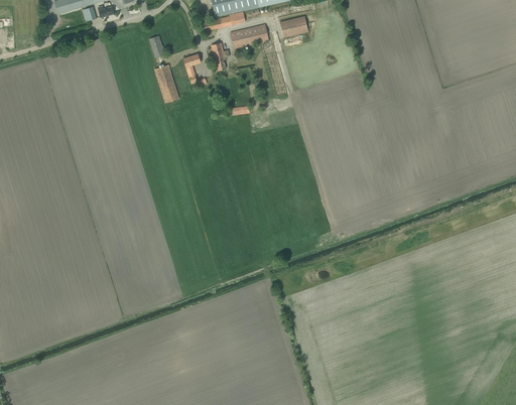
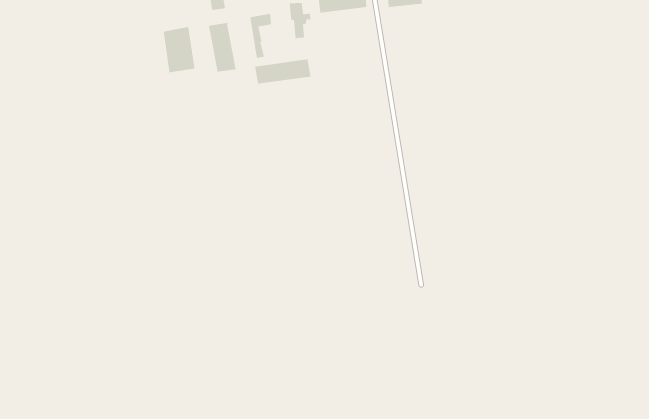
building: none -> [163,26,195,73]
building: none -> [254,59,311,86]

